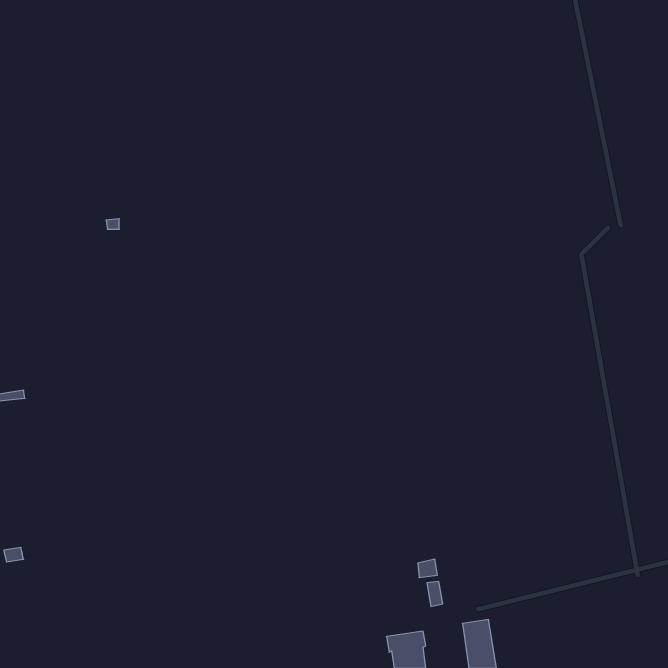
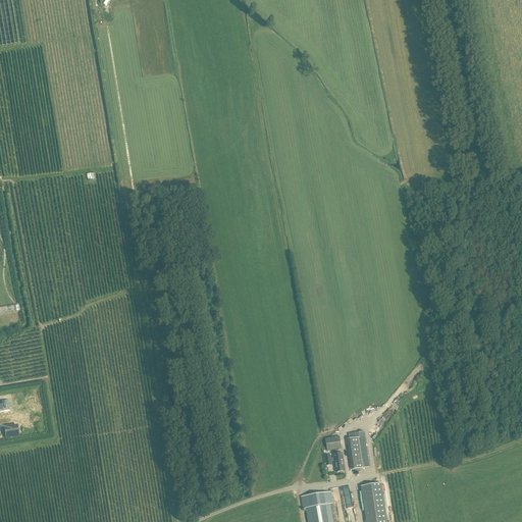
building: none -> [347,430,369,469]

